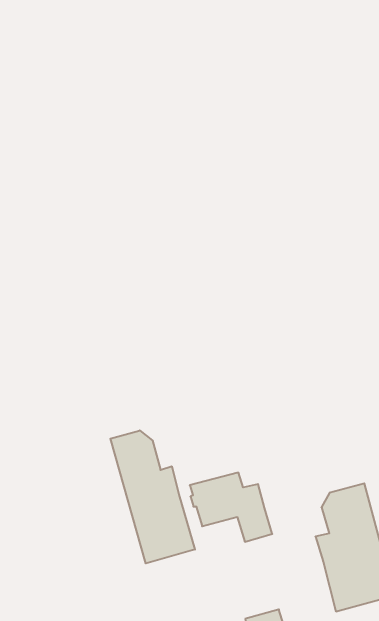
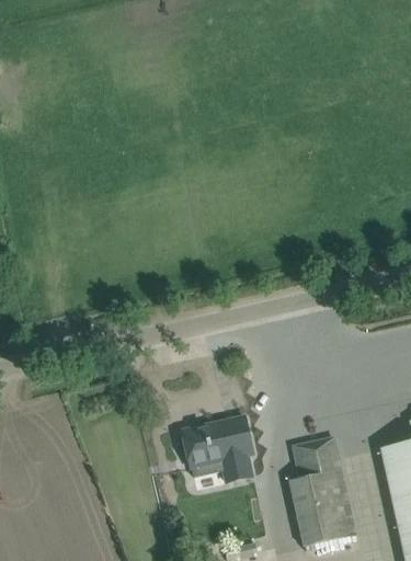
building: [110,430,195,563] -> none

